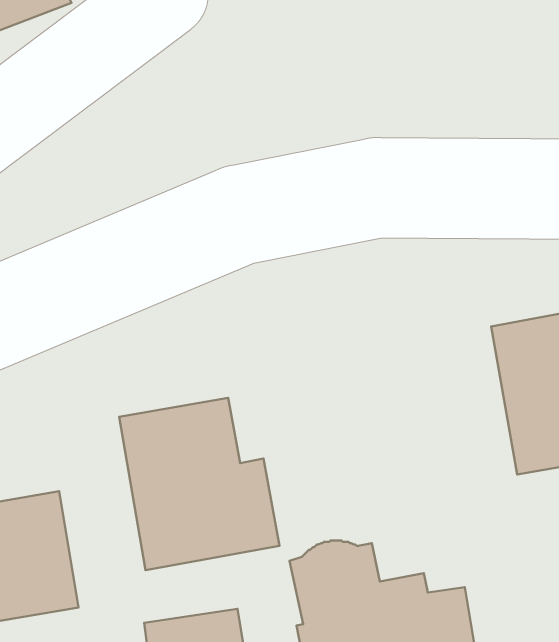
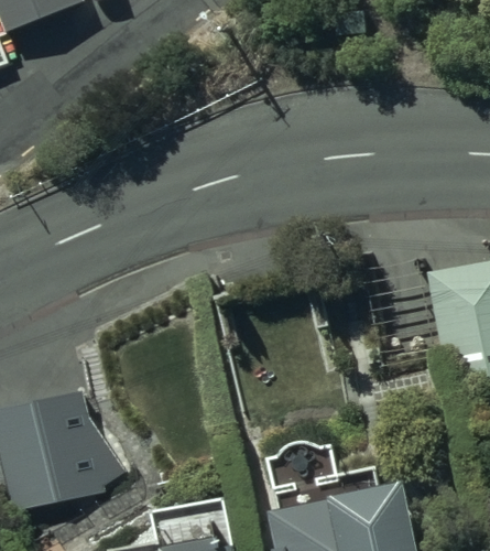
building: [119,398,280,570] -> none

